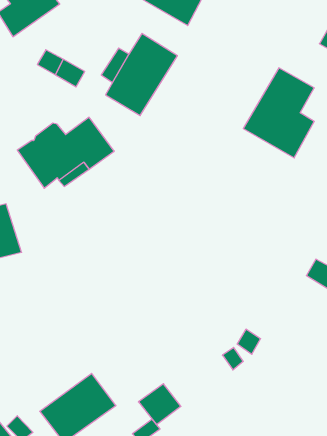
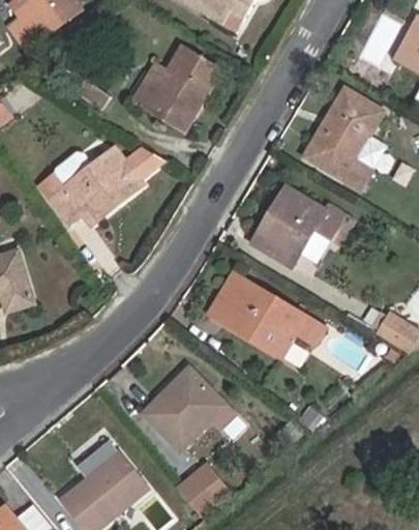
building: none -> [249,184,345,269]
building: none -> [207,270,326,358]
building: none -> [138,362,239,452]

